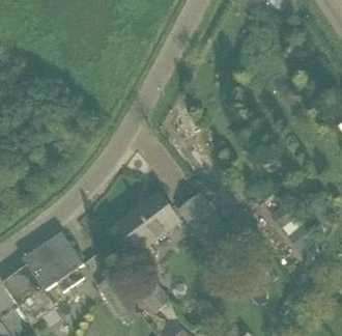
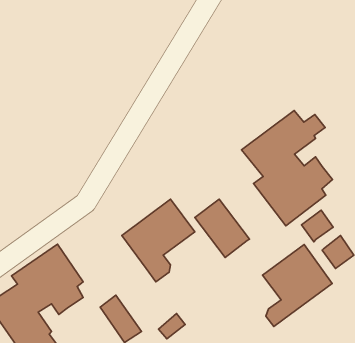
building: none -> [241,111,332,226]
building: none -> [263,245,332,327]

